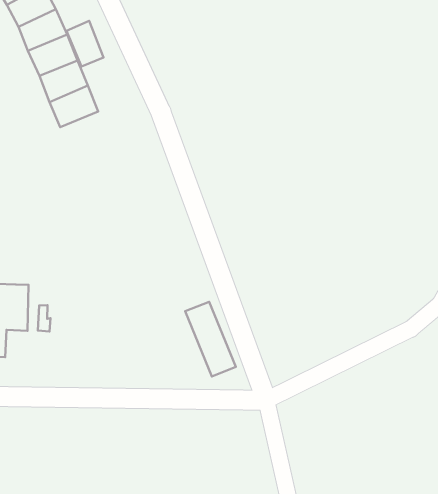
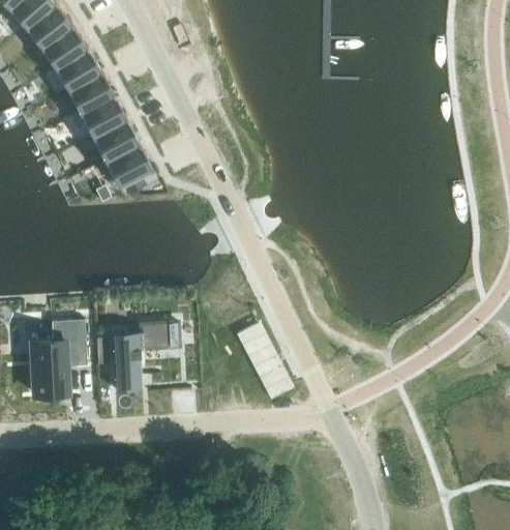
building: [66,21,104,67] -> none
building: none -> [101,143,151,185]
building: none -> [112,323,179,391]

